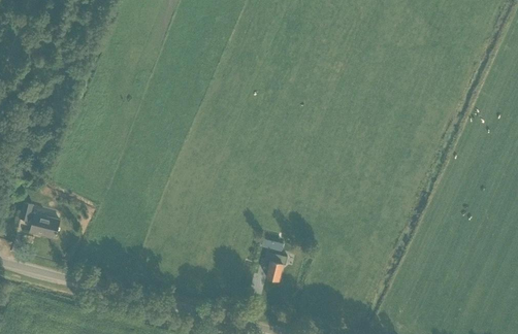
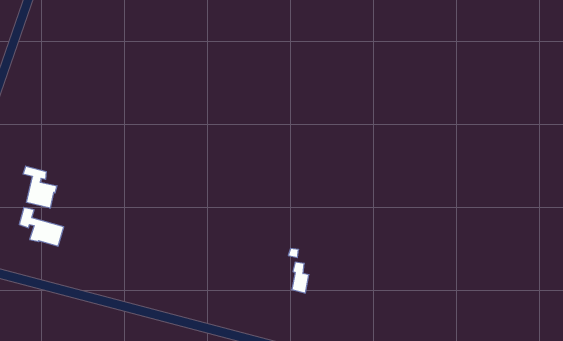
building: none -> [23,166,57,208]

